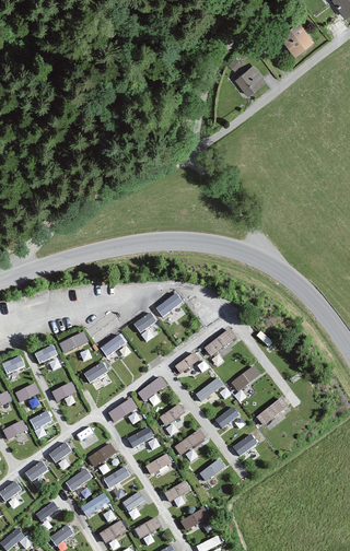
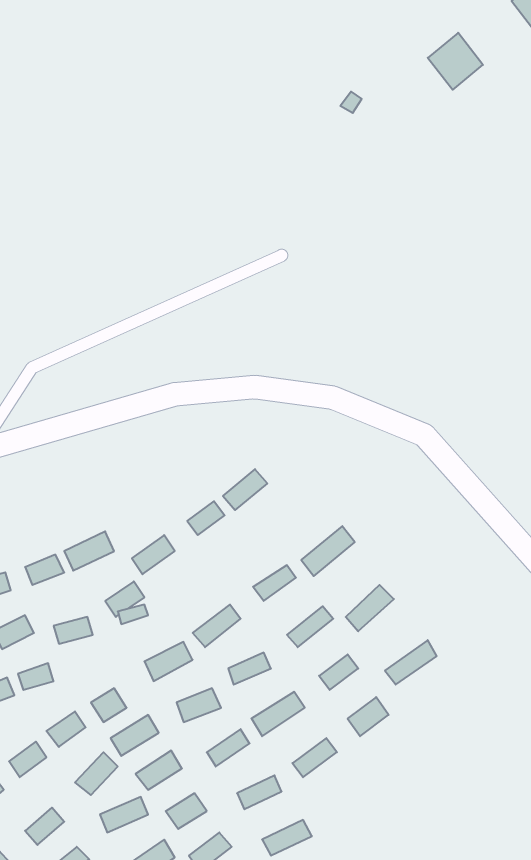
building: [236,69,268,101] -> none

